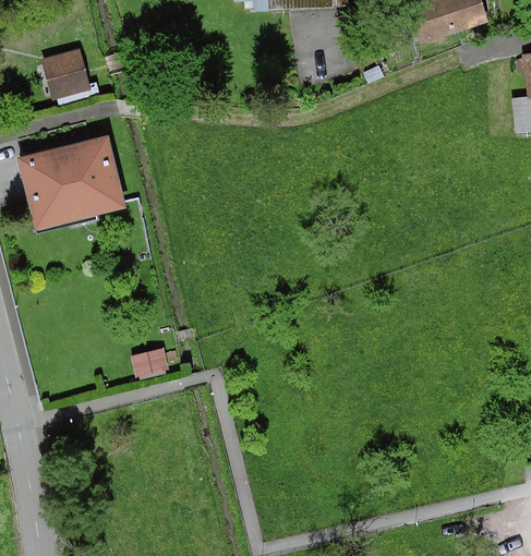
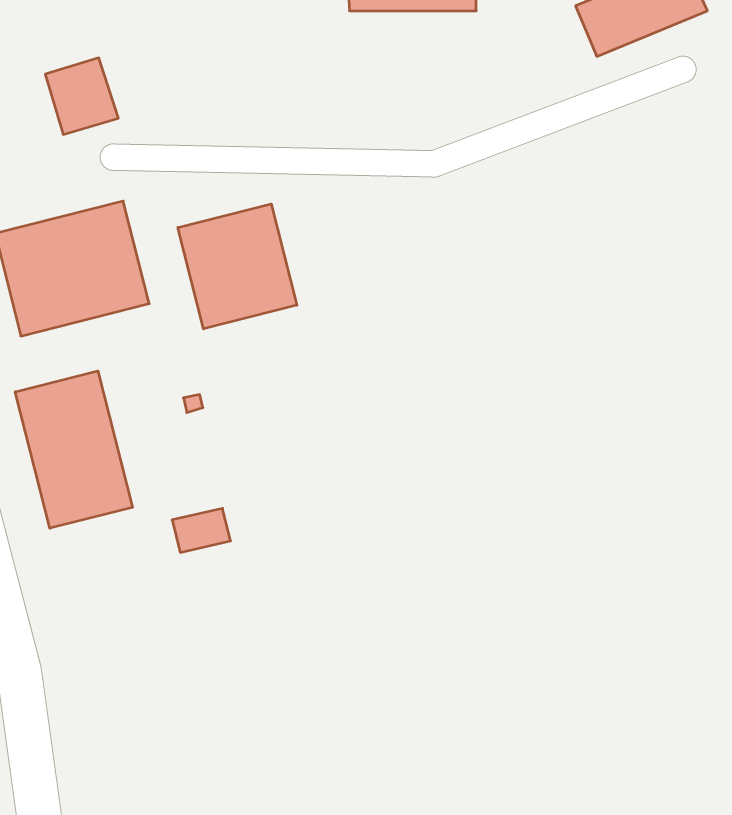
building: none -> [178,204,297,329]
building: none -> [15,371,133,528]

